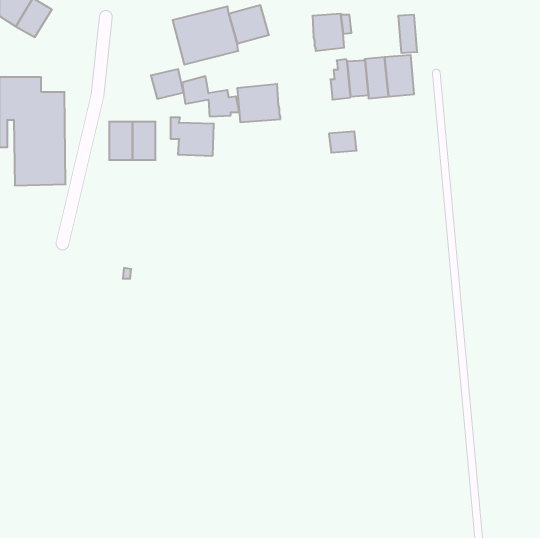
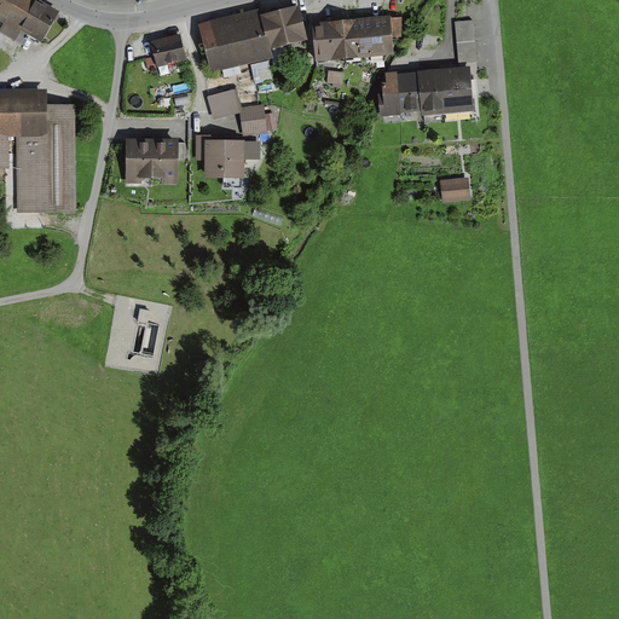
building: [151,69,184,99] -> [149,33,186,66]
building: [237,84,280,122] -> [311,18,360,62]
building: [329,131,357,153] -> [439,177,470,201]

